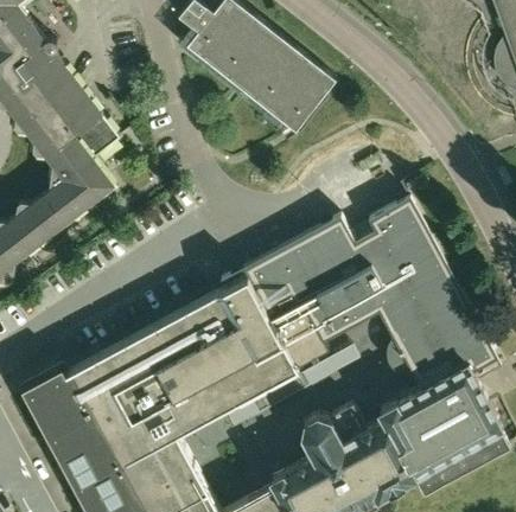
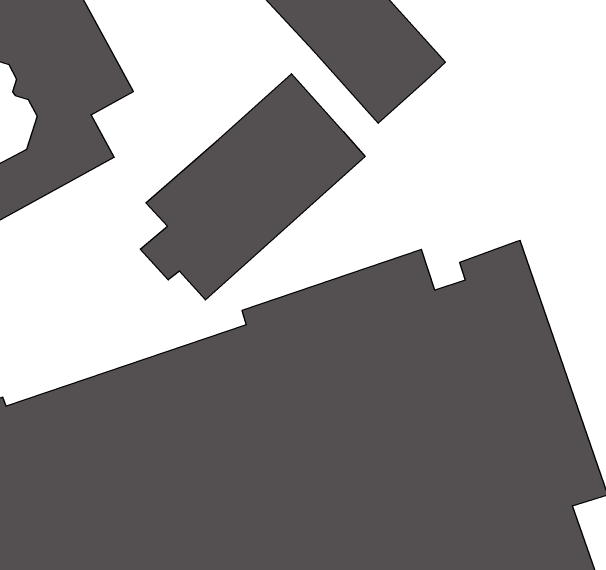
building: none -> [140,74,365,300]

